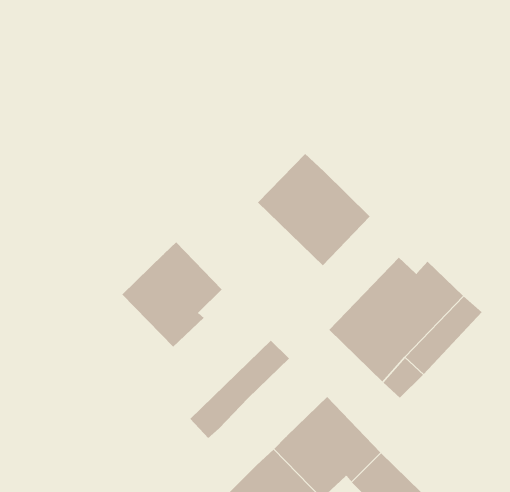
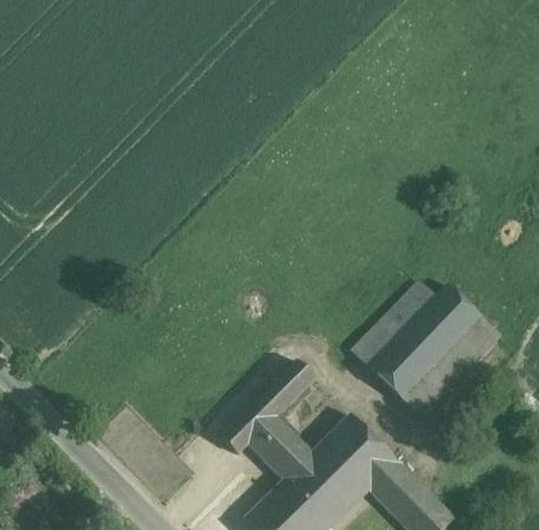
building: [257,153,371,266] -> none
building: [121,242,222,347] -> none
building: none -> [249,415,312,479]

